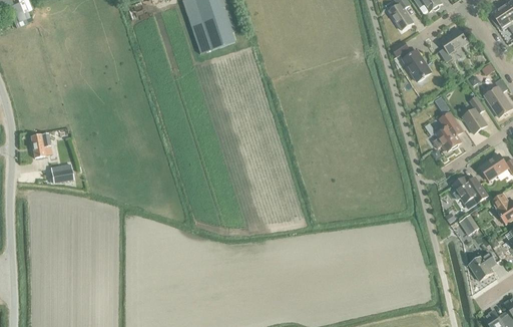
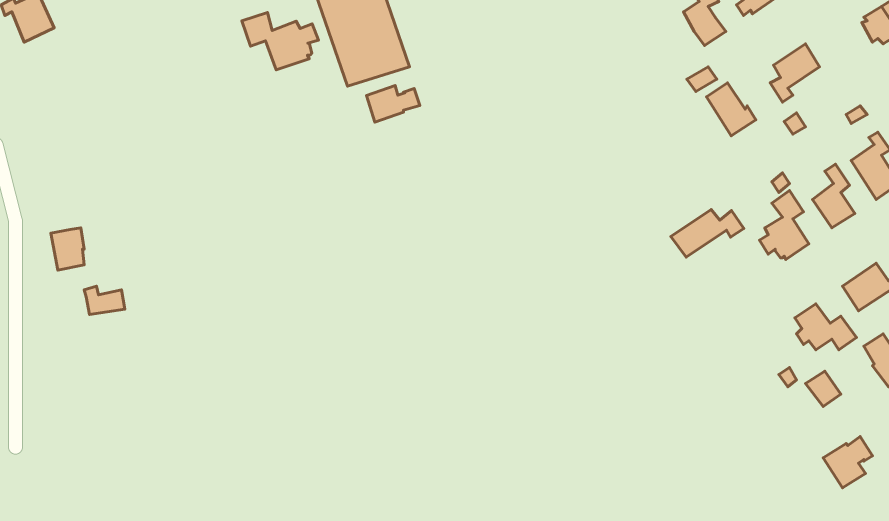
building: none -> [242,13,318,70]
building: none -> [367,86,420,122]
building: none -> [671,210,744,257]

